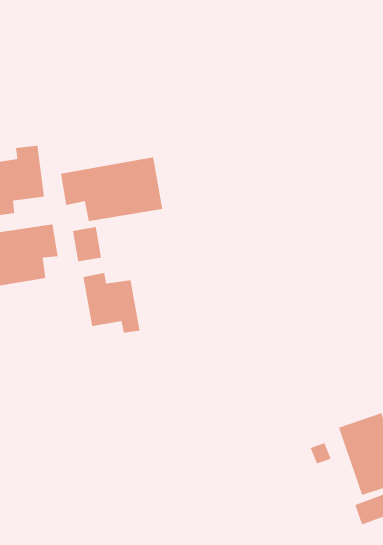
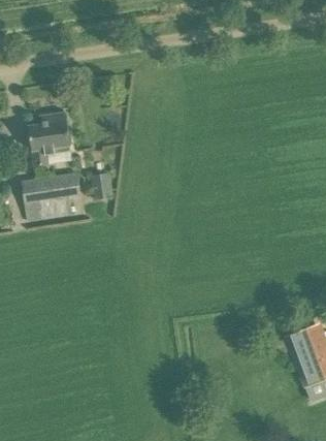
building: [61,157,163,222] -> none
building: [83,272,140,334] -> none

